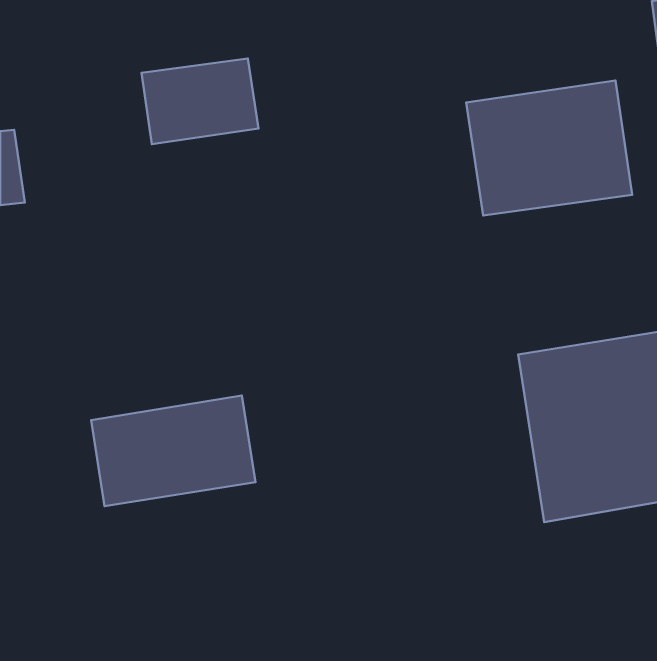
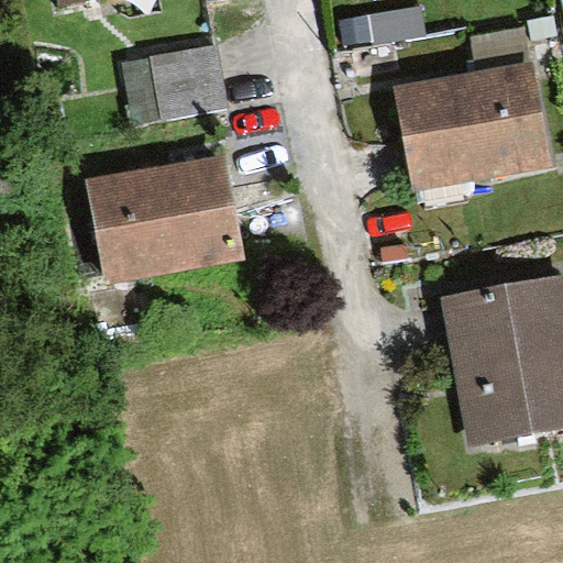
building: none -> [88,157,235,275]
building: [91,395,256,506] -> none

